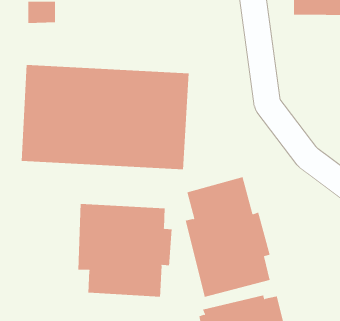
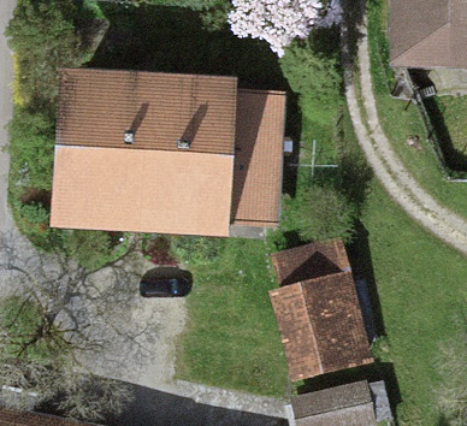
building: [78,203,172,298] -> none

